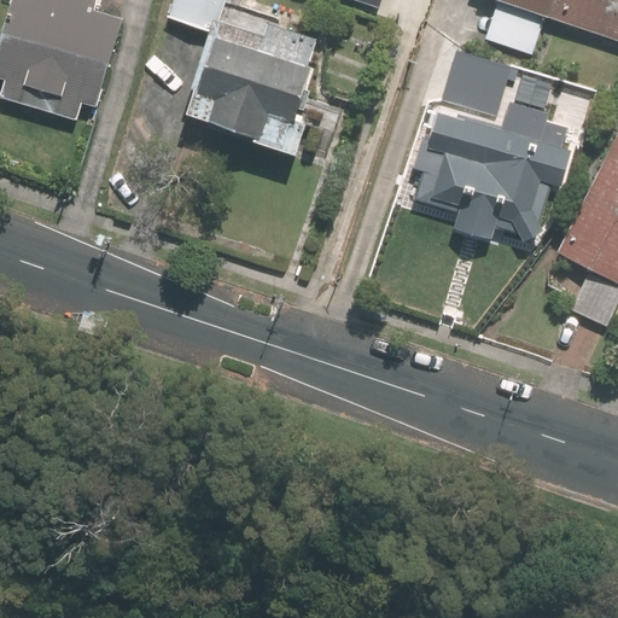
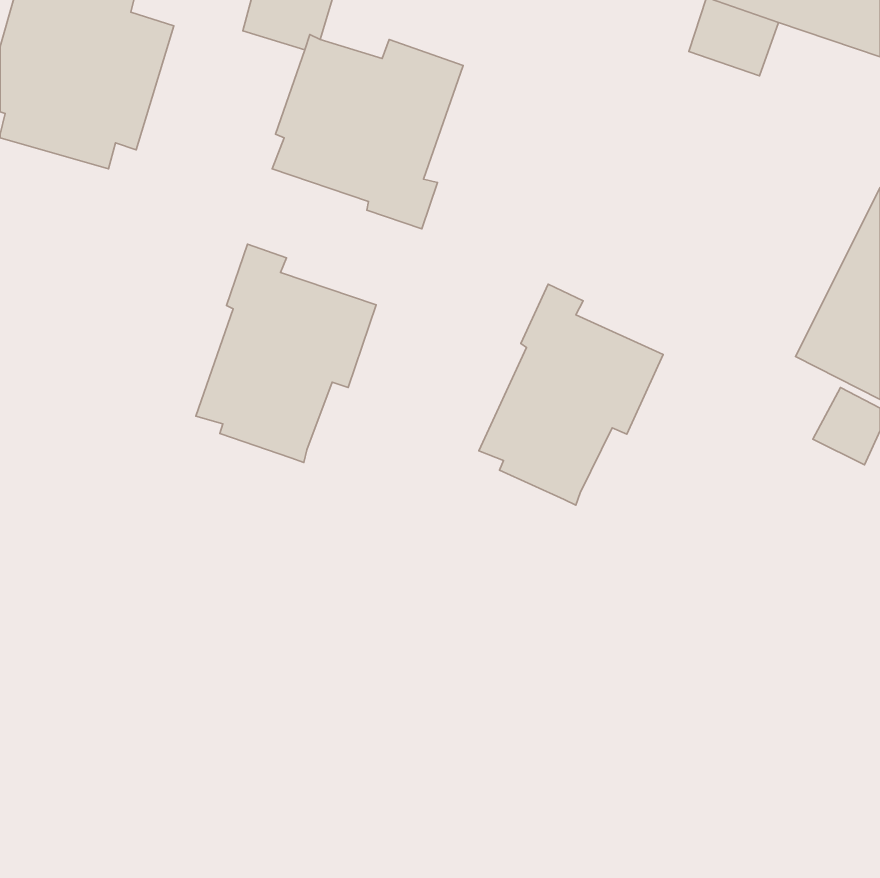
building: [409,51,570,238] -> none
building: none -> [196,244,376,462]
building: none -> [479,284,663,505]

